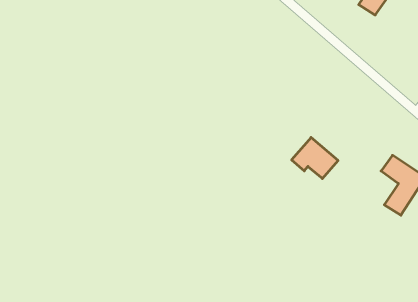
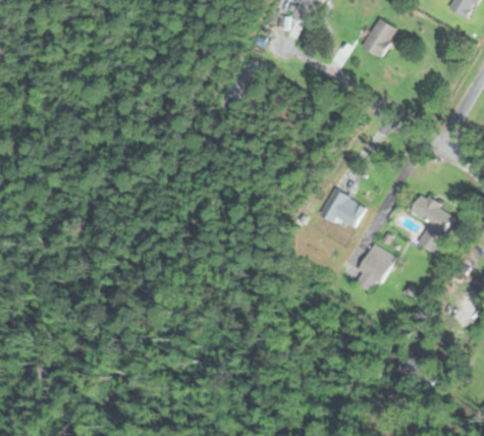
building: none -> [349,247,393,292]

